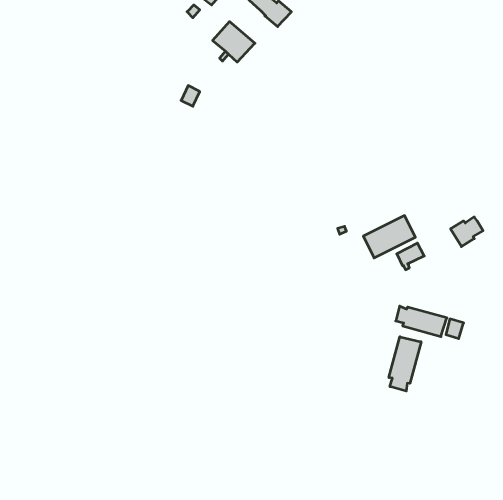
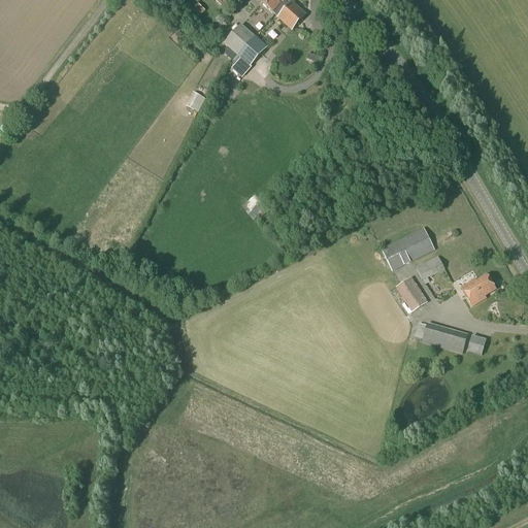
building: [451,217,483,247] -> [461,273,495,304]
building: none -> [395,275,427,311]
building: [389,337,421,391] -> none

